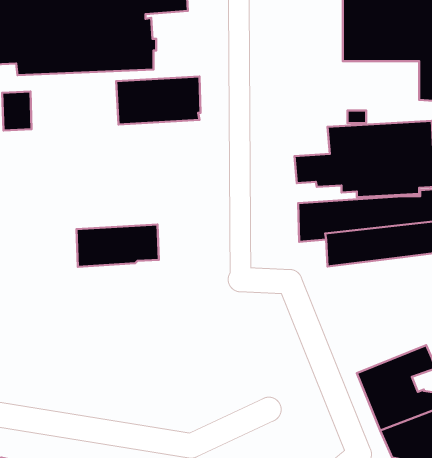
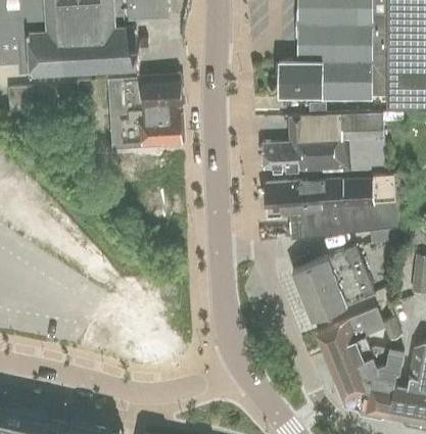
building: none -> [277,61,370,99]
building: [77,225,159,267] -> [108,112,180,149]
building: none -> [291,246,374,320]

